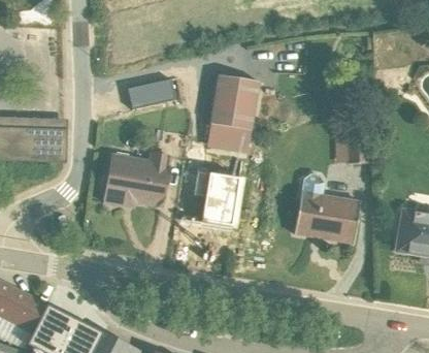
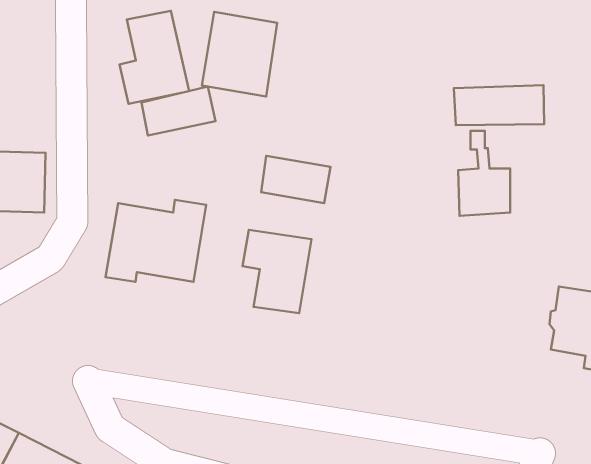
building: none -> [119,11,189,104]
building: [209,74,259,130] -> [202,12,277,97]
building: none -> [454,85,544,125]
building: [294,173,359,243] -> none

